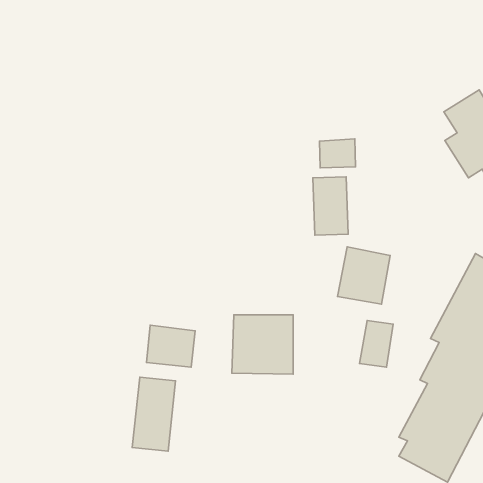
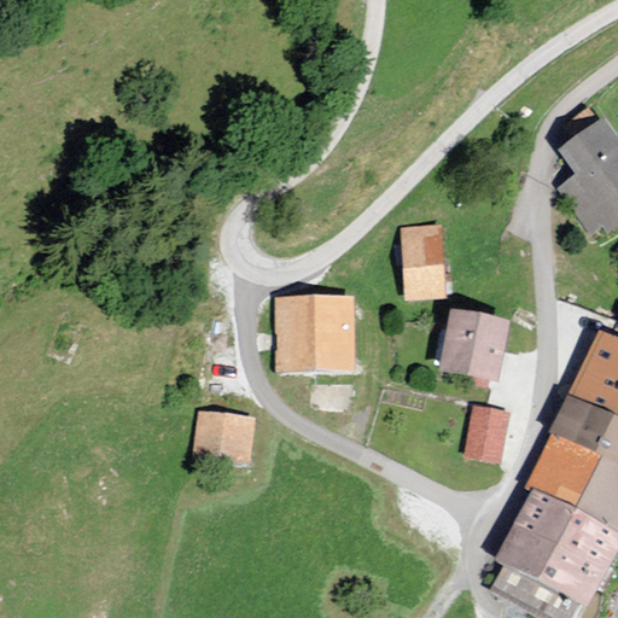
building: [320,139,355,168] -> none
building: [232,315,293,374] -> [274,297,351,372]
building: [132,377,176,451] -> none

